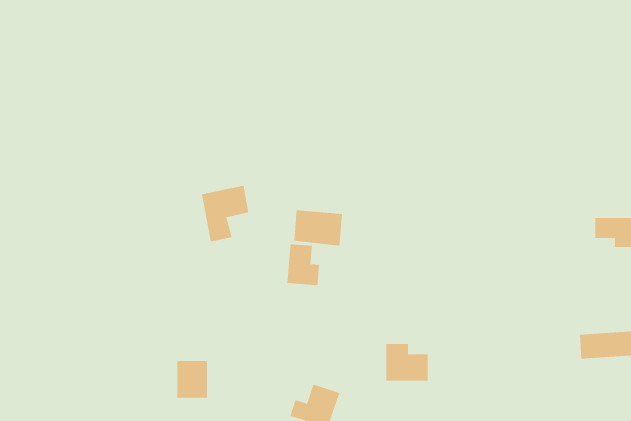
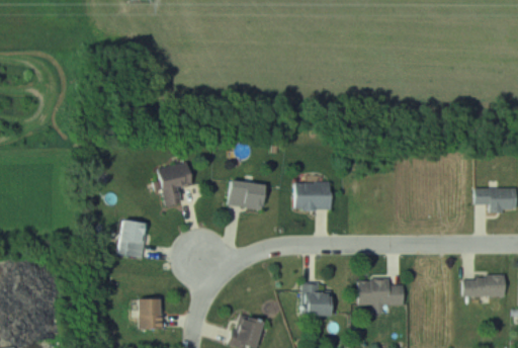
building: none -> [294,182,333,209]
building: [287,243,320,286] -> none
building: none -> [120,220,148,257]
building: none -> [358,280,396,312]

